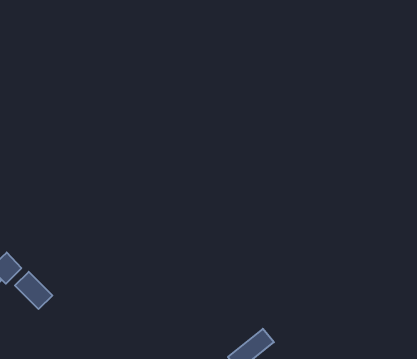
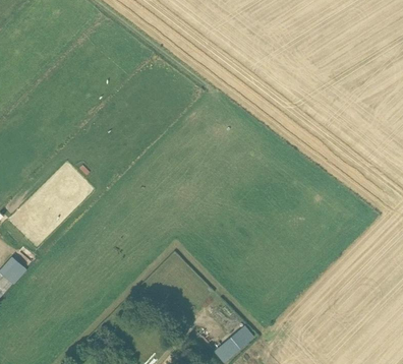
building: [15,272,52,309] -> none

